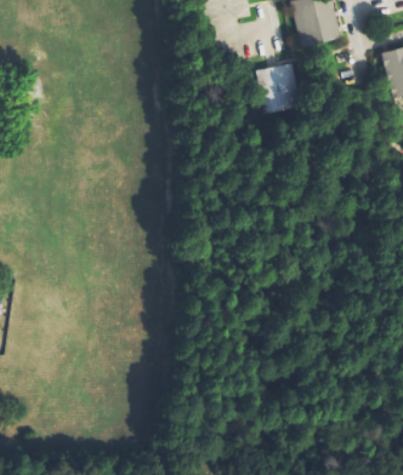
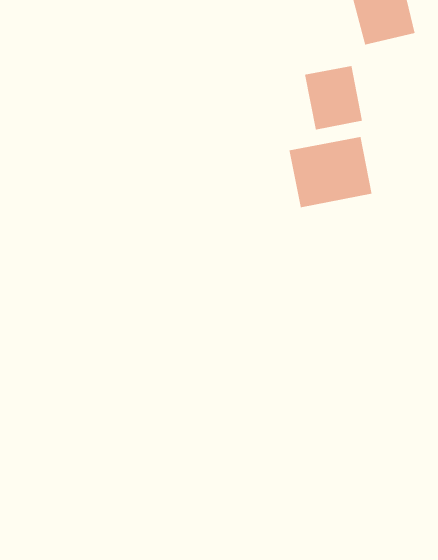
building: none -> [289,136,372,208]

